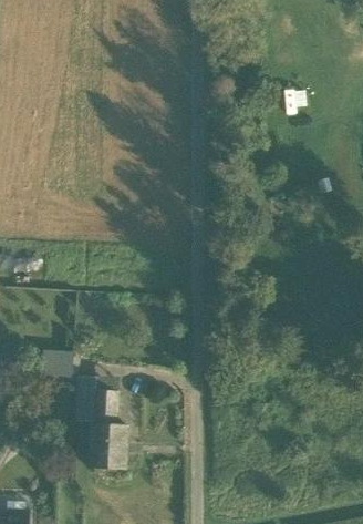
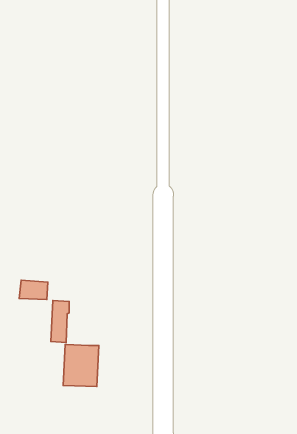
building: [92,390,117,425] -> none

